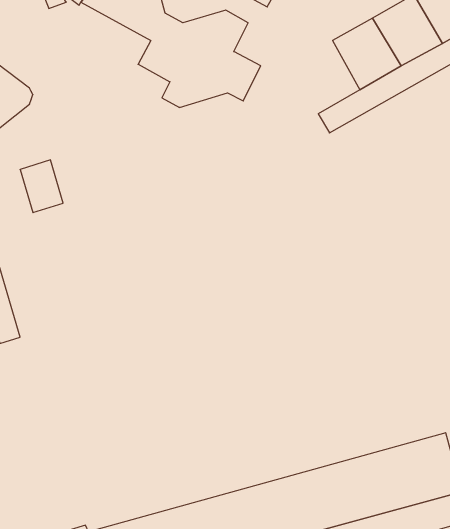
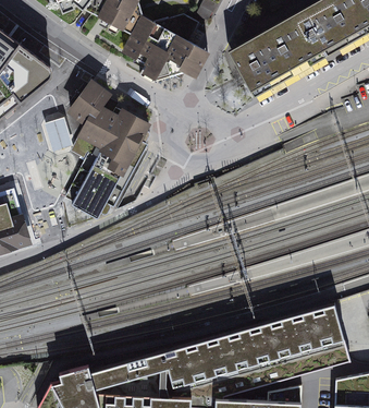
building: none -> [227,35,274,85]
building: none -> [65,82,149,218]

